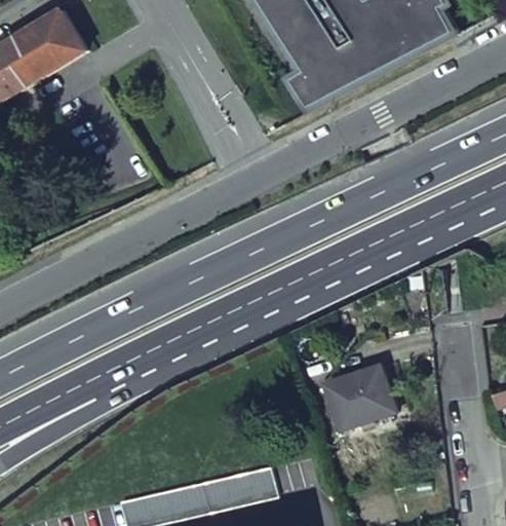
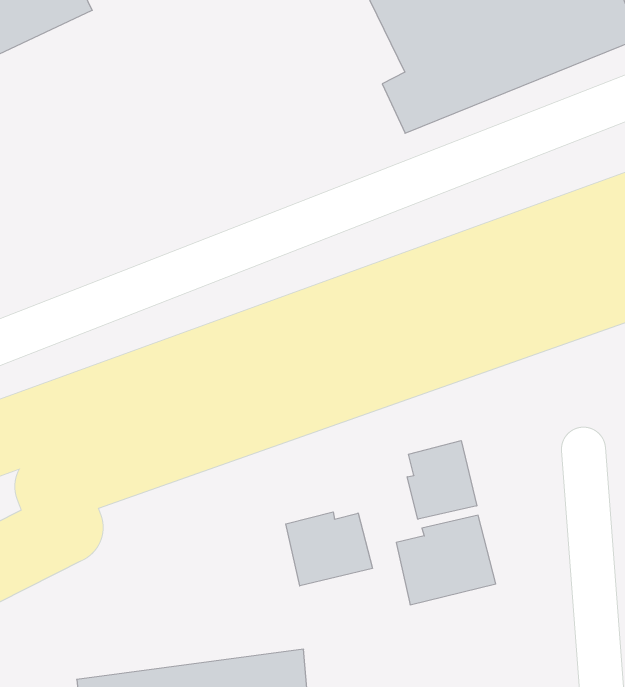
building: none -> [407,441,477,519]
building: none -> [286,512,372,586]

